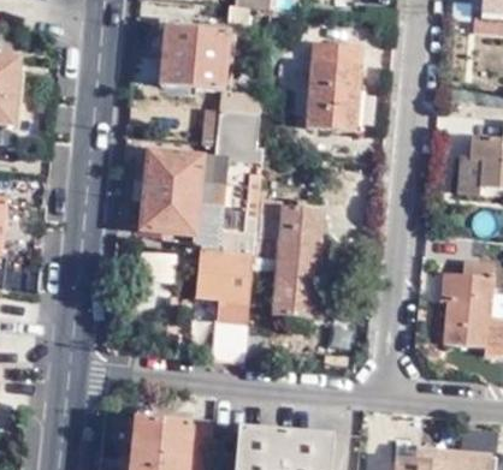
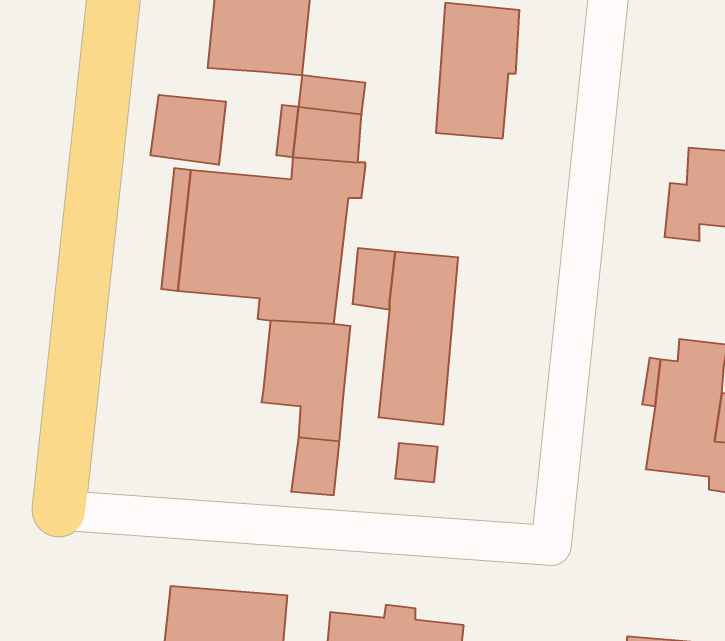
building: none -> [151,95,226,165]

